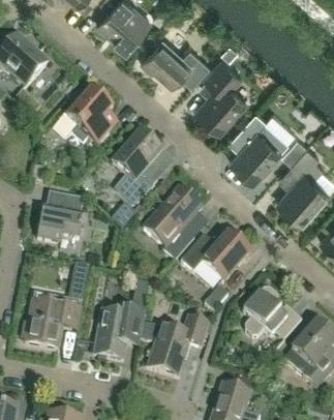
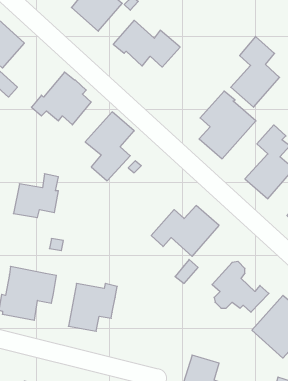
building: [194,56,245,129] -> [231,36,280,107]
building: [142,185,202,259] -> none
building: [147,314,208,376] -> none

